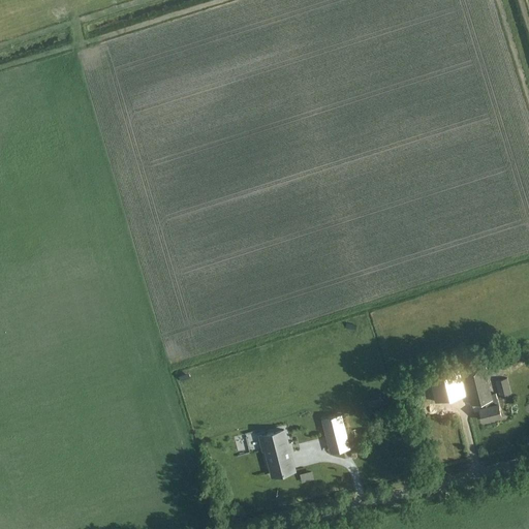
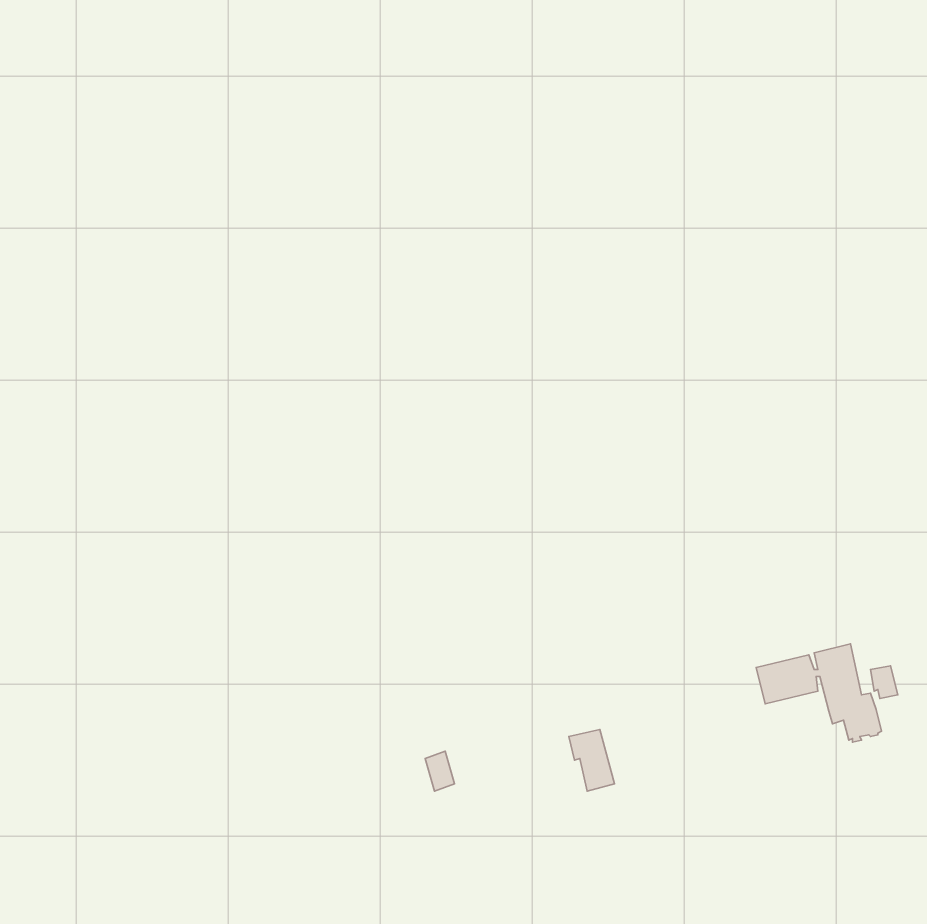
building: [262,433,292,477] -> none

